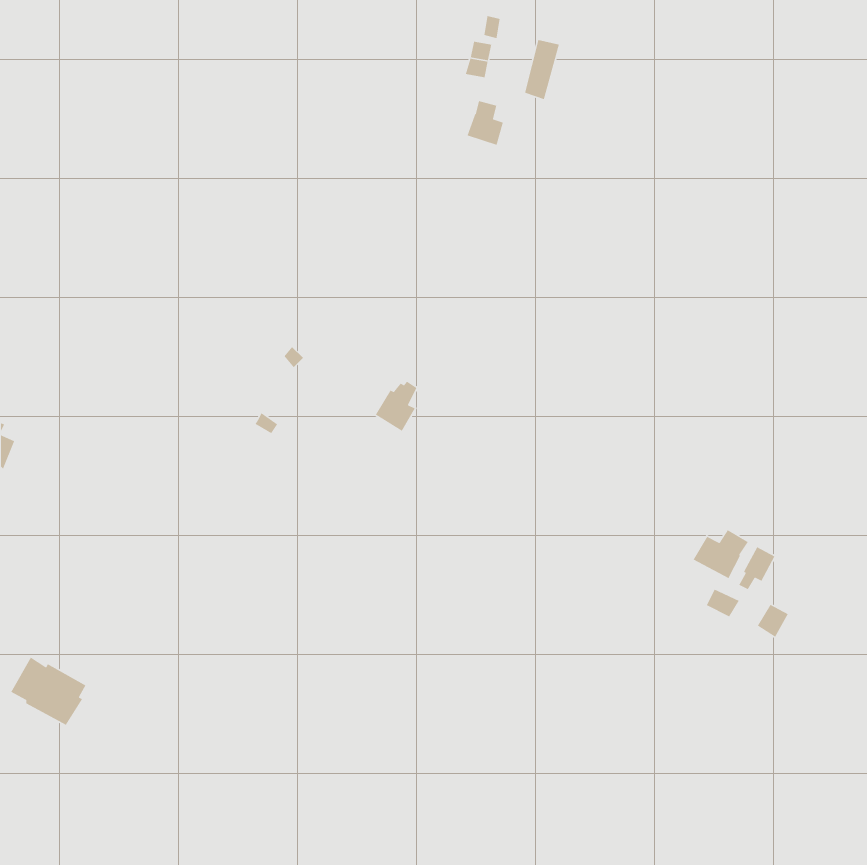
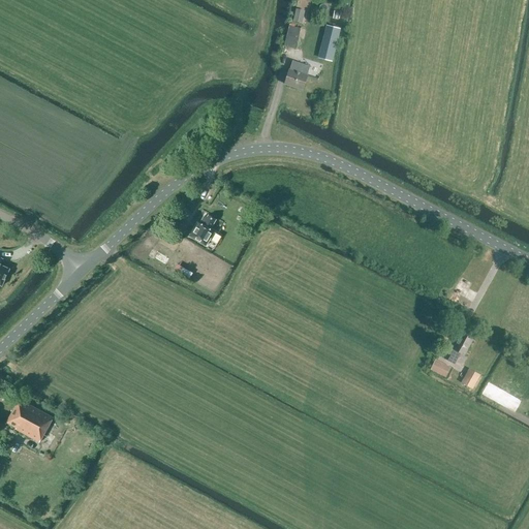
building: [375,381,417,432] -> [189,215,215,246]
building: [693,529,749,579] -> none

